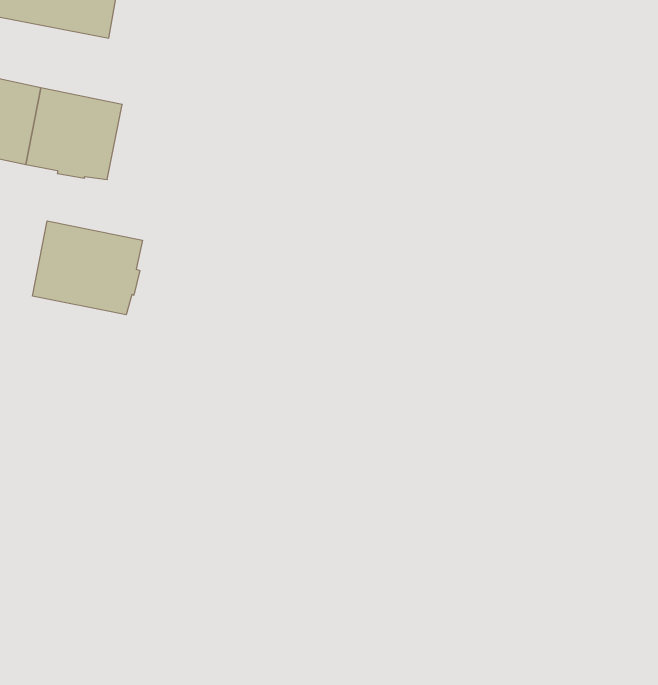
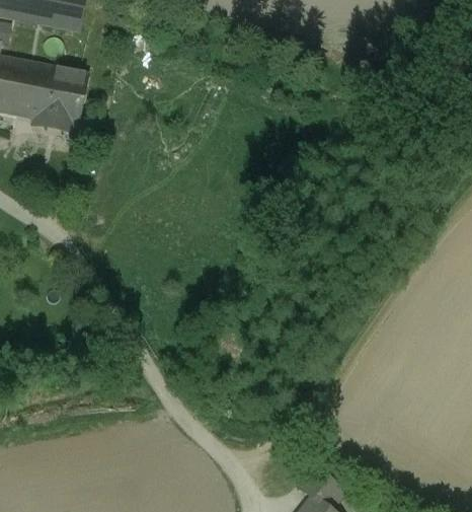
building: [33,221,142,315] -> none

